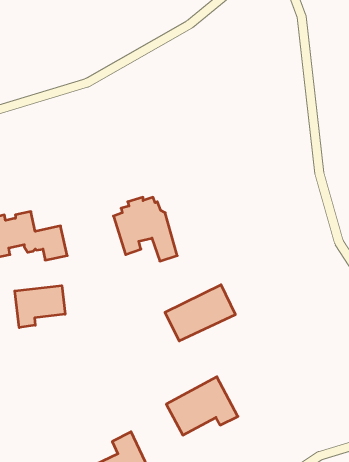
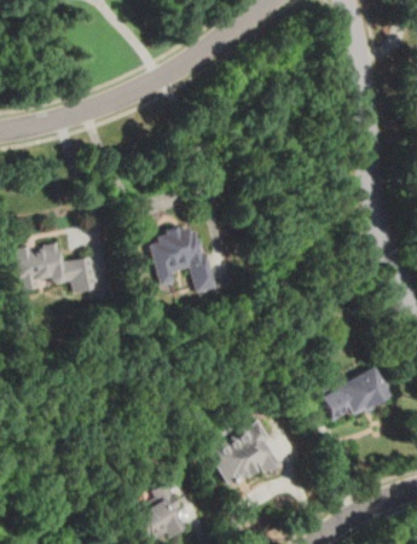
building: [165,285,235,341] -> [318,361,395,423]
building: [15,286,65,328] -> none

